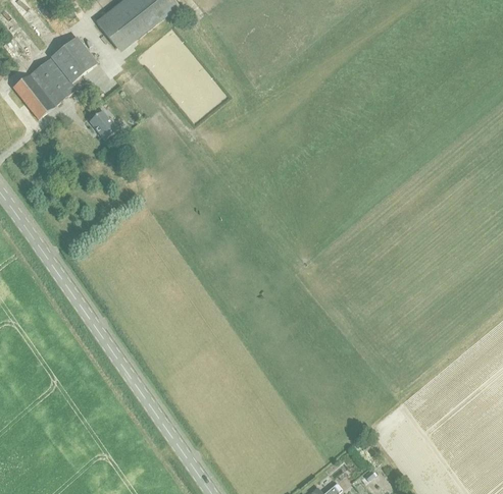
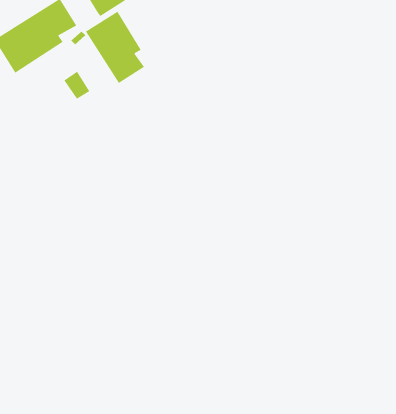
building: none -> [85,11,145,84]

